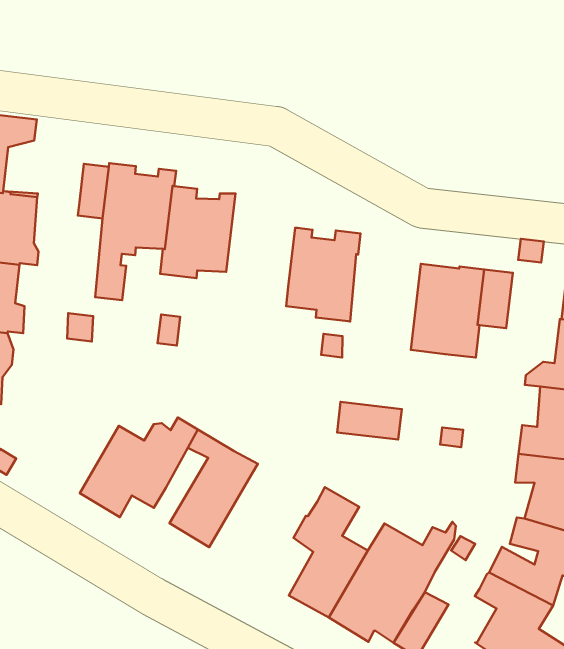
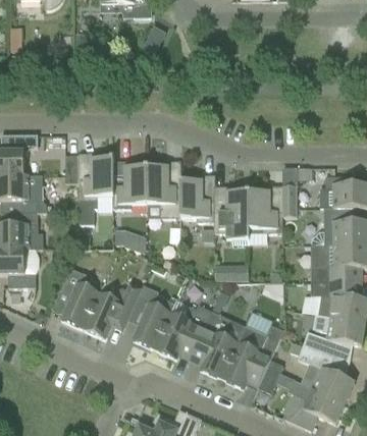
building: none -> [146,161,180,218]
building: none -> [213,186,248,244]
building: none -> [59,268,99,329]
building: none -> [154,305,211,360]

